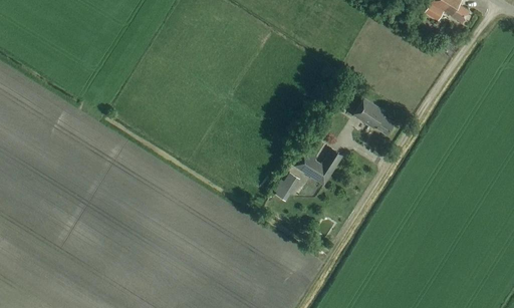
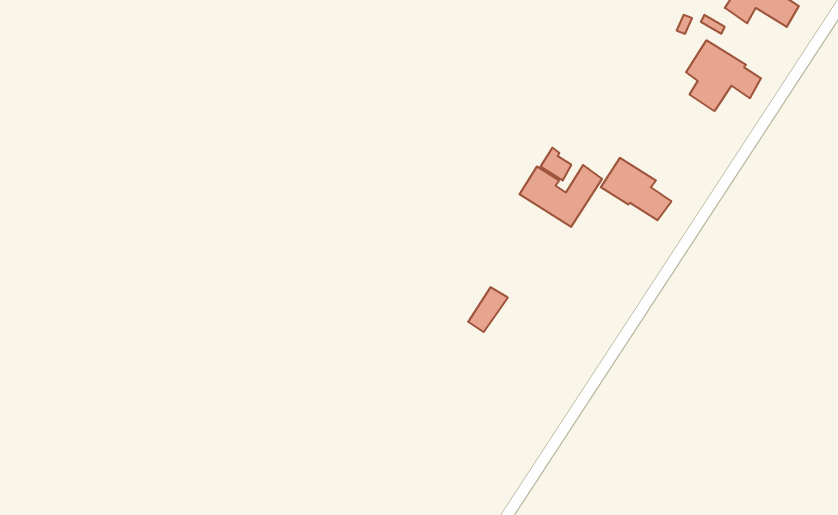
building: none -> [686,40,761,111]
building: [294,149,342,186] -> [519,165,602,227]

